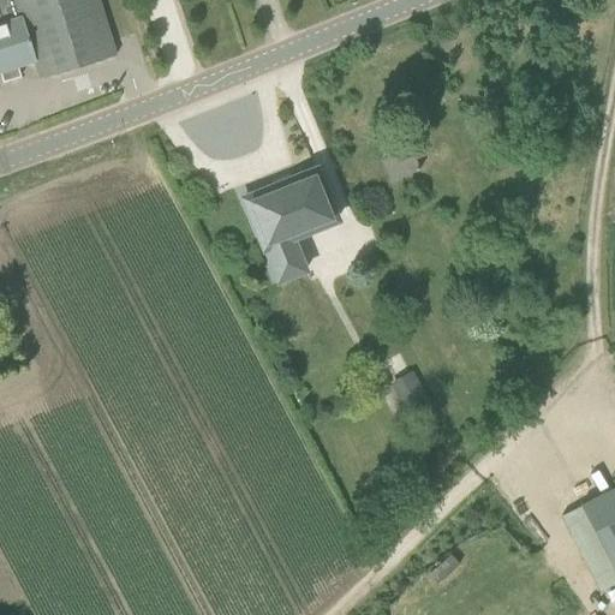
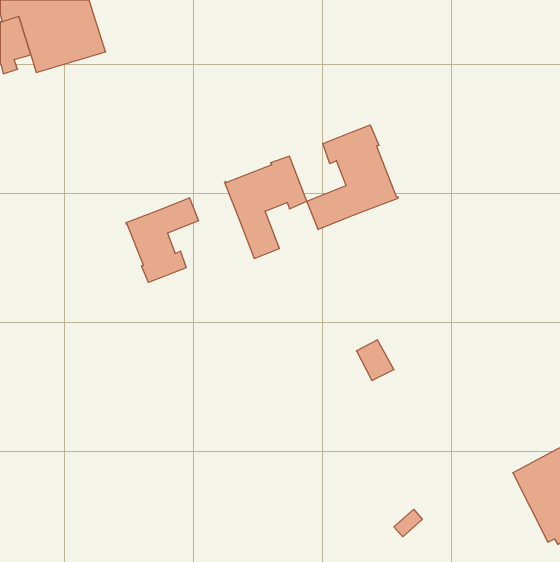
building: none -> [307,125,398,230]
building: none -> [126,198,198,282]

